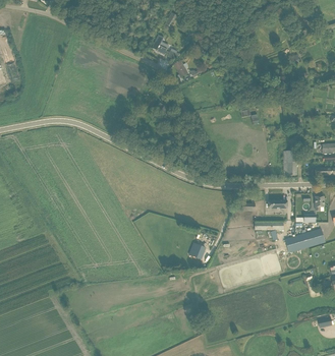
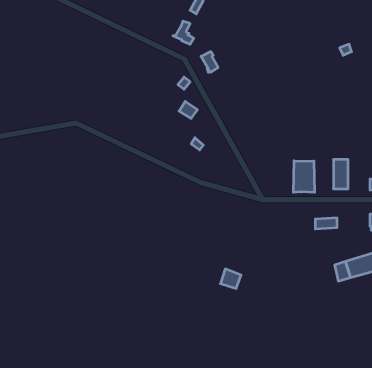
building: none -> [293,161,315,192]

